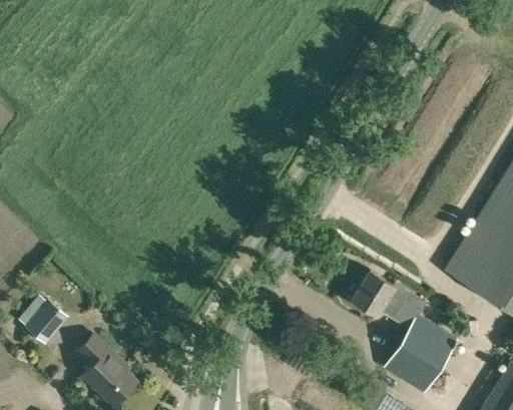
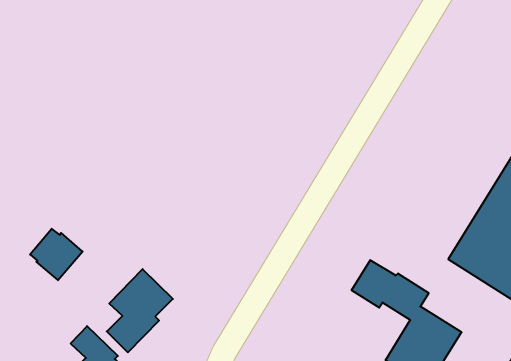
building: none -> [107,269,173,352]
building: [18,297,69,347] -> [30,229,83,280]

